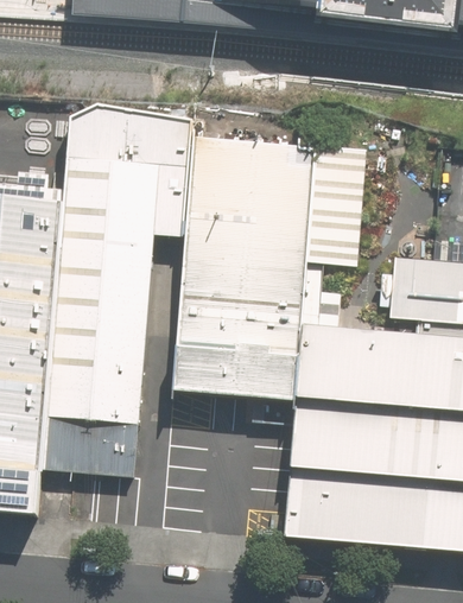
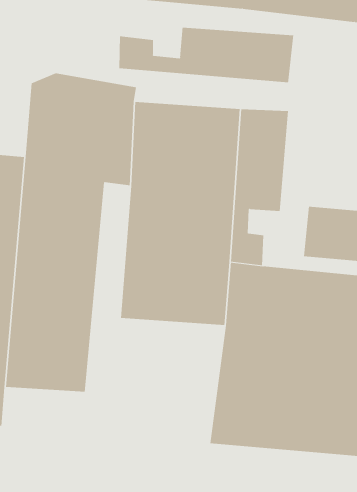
building: none -> [119,27,294,83]

